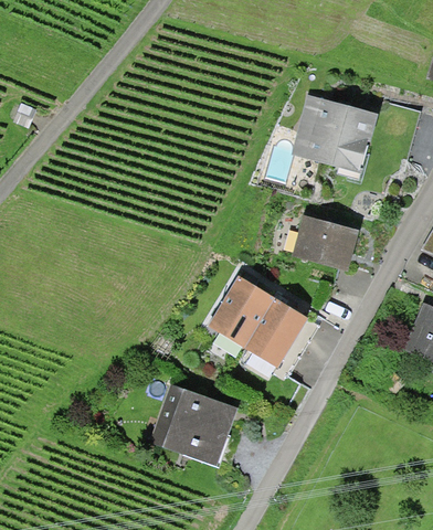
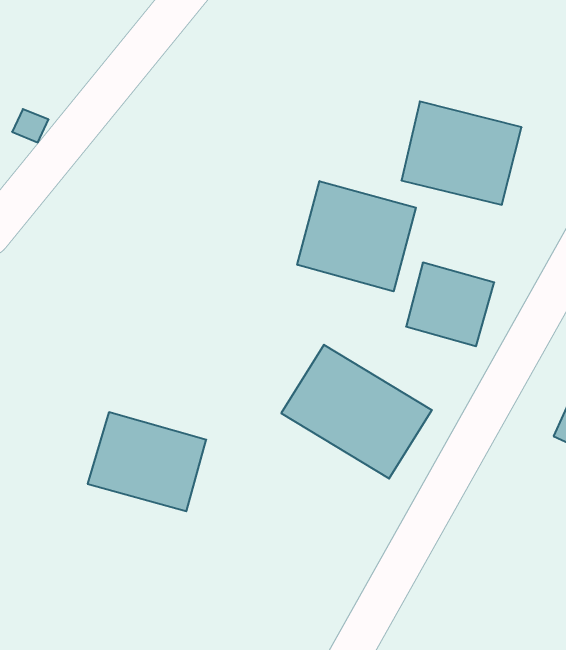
building: none -> [297,181,416,291]
building: [156,386,242,458] -> [88,412,206,511]

